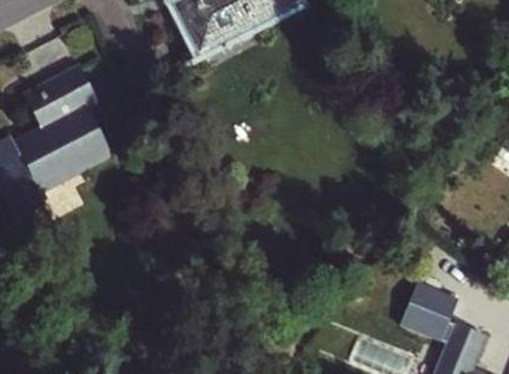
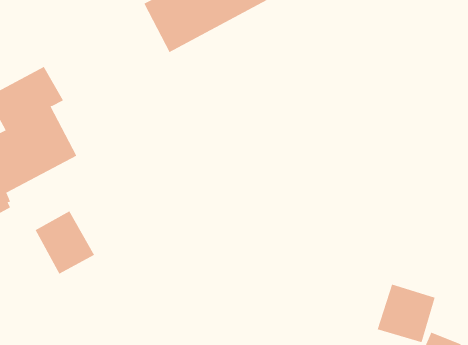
building: none -> [35,210,95,275]

